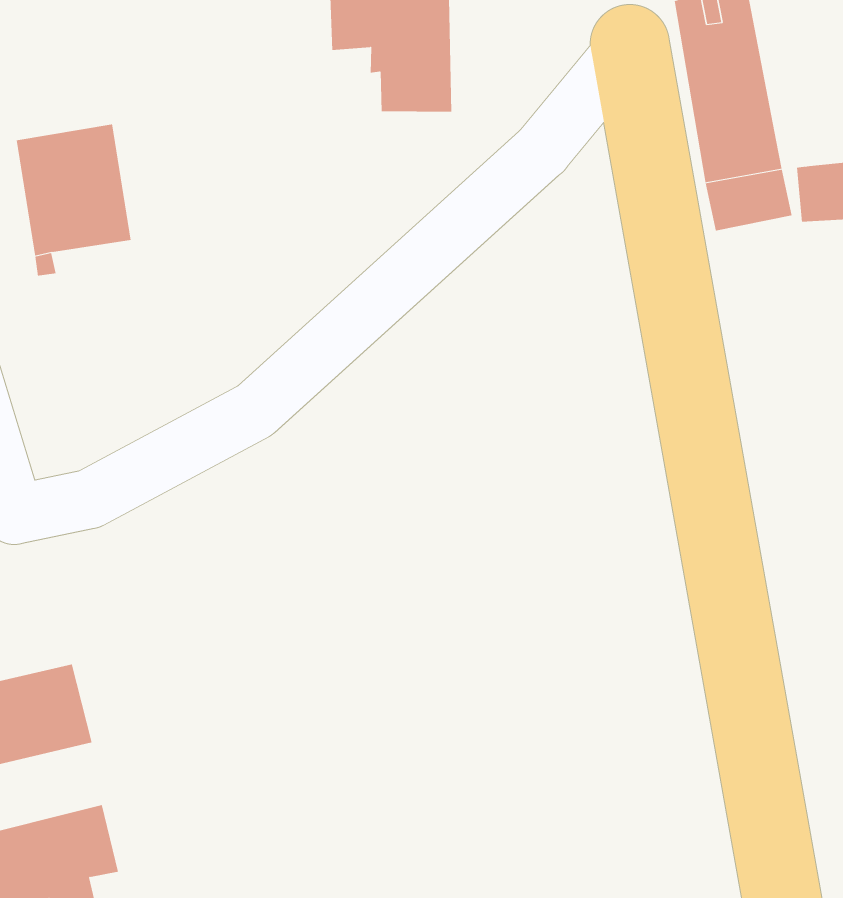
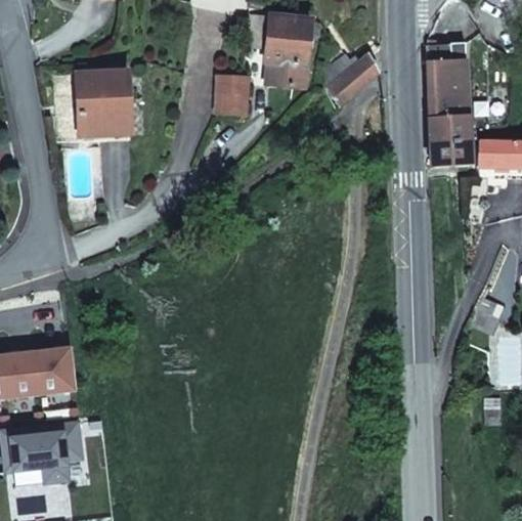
building: none -> [328,53,378,104]
building: none -> [216,76,250,116]

